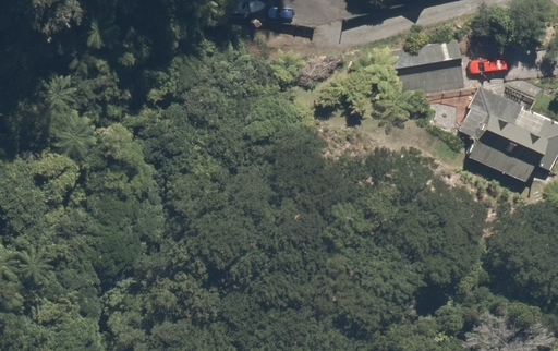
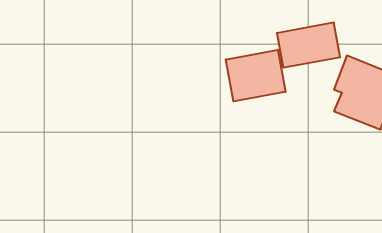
building: none -> [226,50,286,101]

